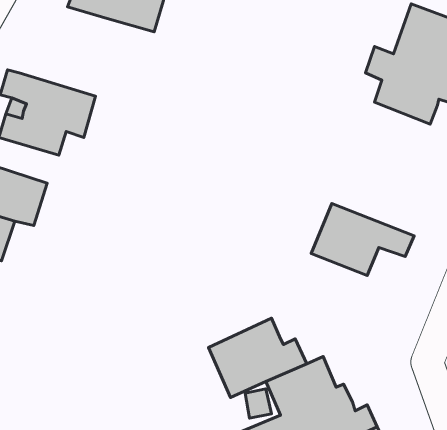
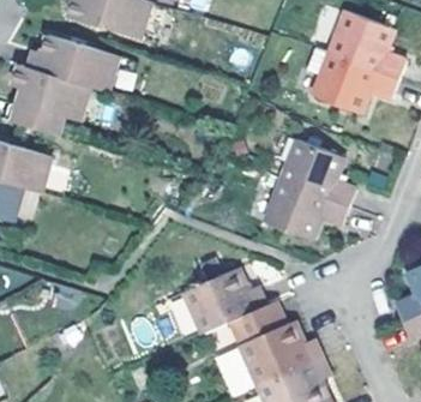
building: none -> [28,35,118,92]
building: none -> [283,134,357,202]

